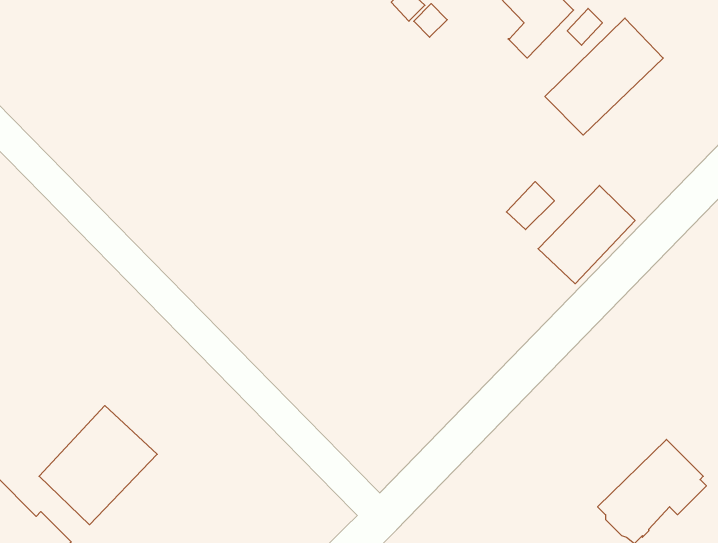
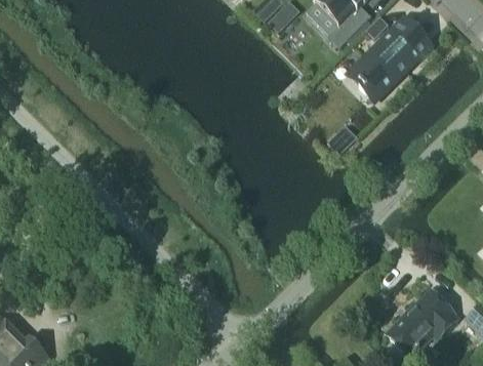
building: [538,185,635,284] -> none
building: [39,406,157,525] -> none

